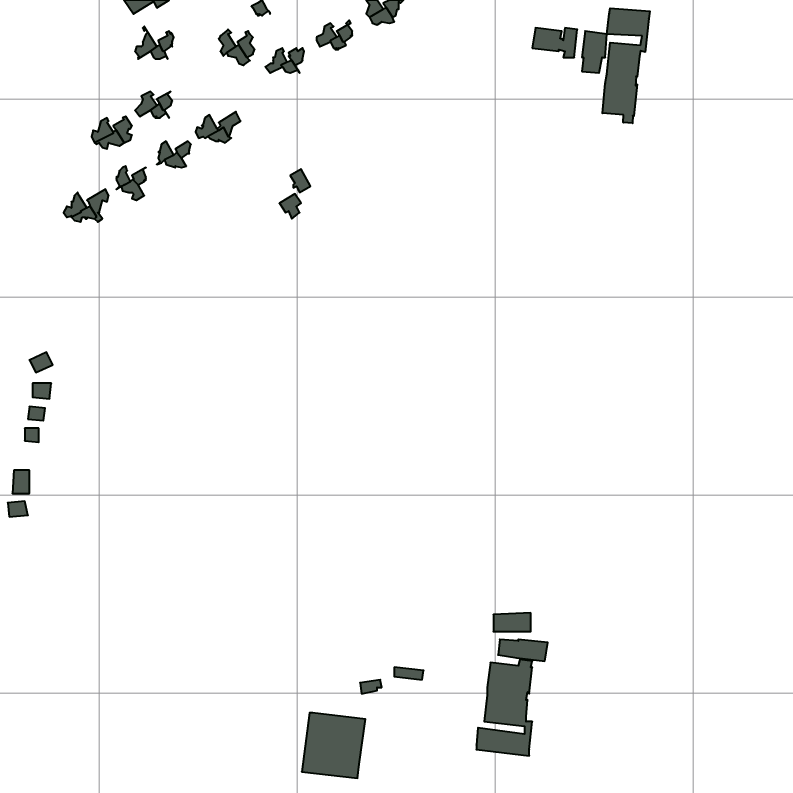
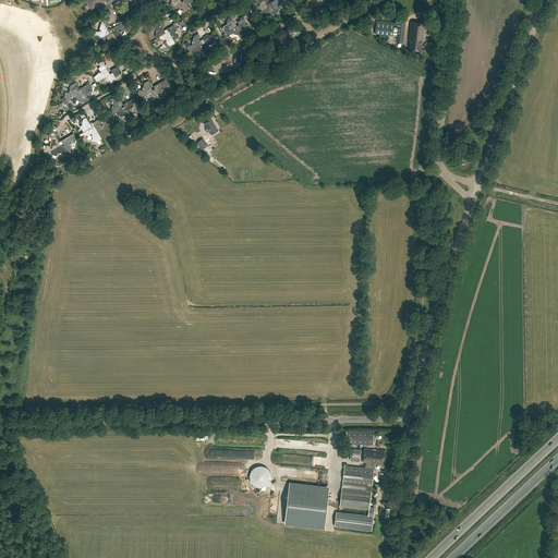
building: [602,8,650,123] -> none
building: [302,713,365,778] -> [284,483,329,529]

